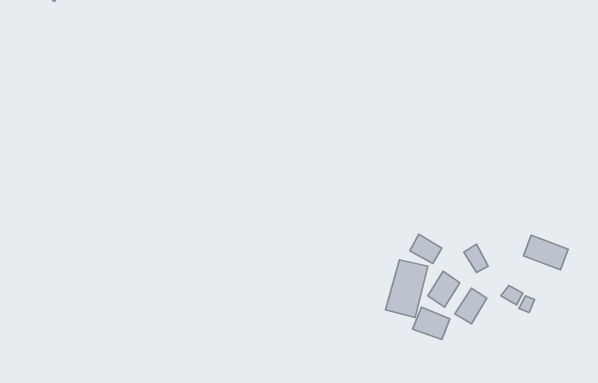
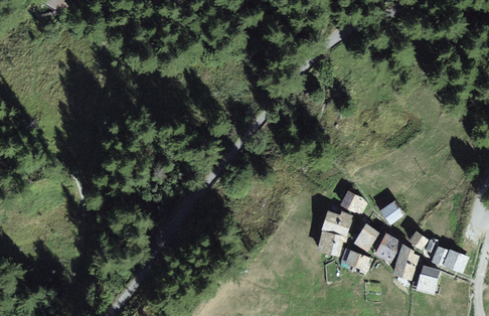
building: [523,235,568,270] -> [433,245,468,272]
building: none -> [395,244,420,280]
building: none -> [419,265,439,293]

